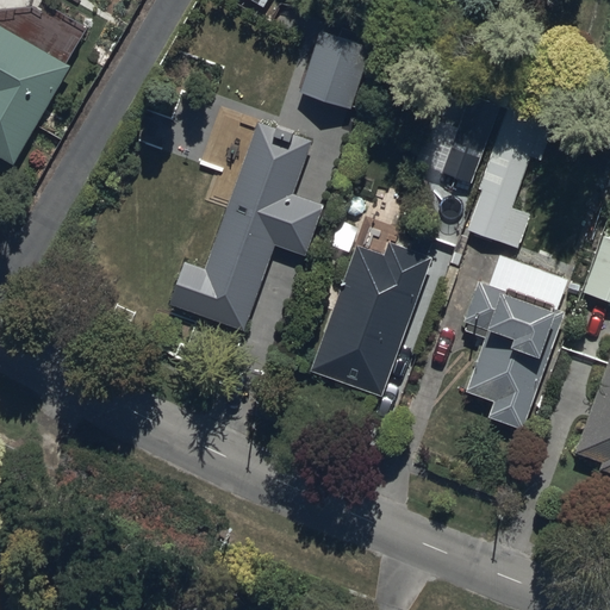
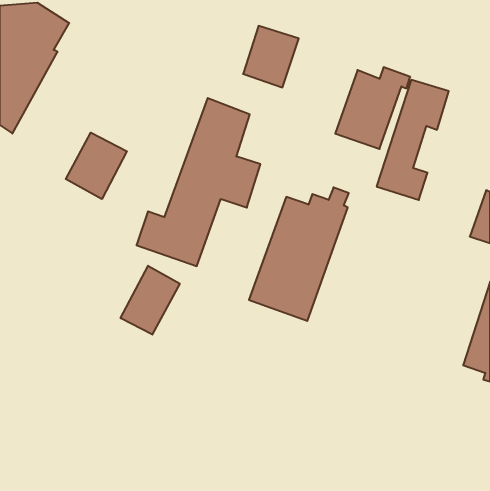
building: none -> [66,133,127,199]
building: [461,269,566,430] -> none
building: none -> [121,266,180,335]

